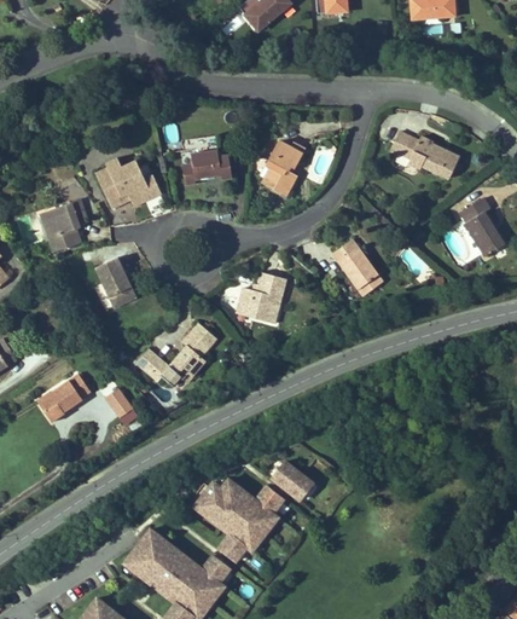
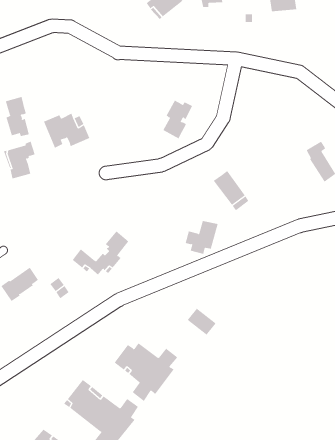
building: [391,131,459,178] -> none
building: none -> [5,96,29,137]
building: [182,145,232,179] -> none
building: [95,258,136,308] -> none
building: [239,273,286,320] -> [185,220,219,254]
building: [272,461,313,499] -> [187,308,216,336]

